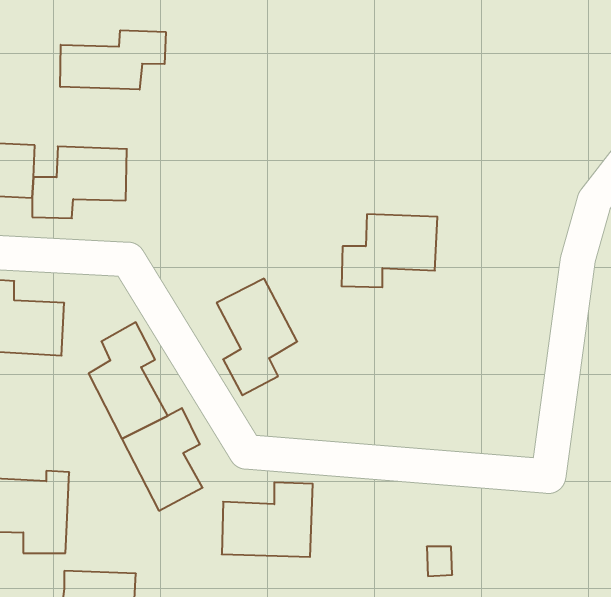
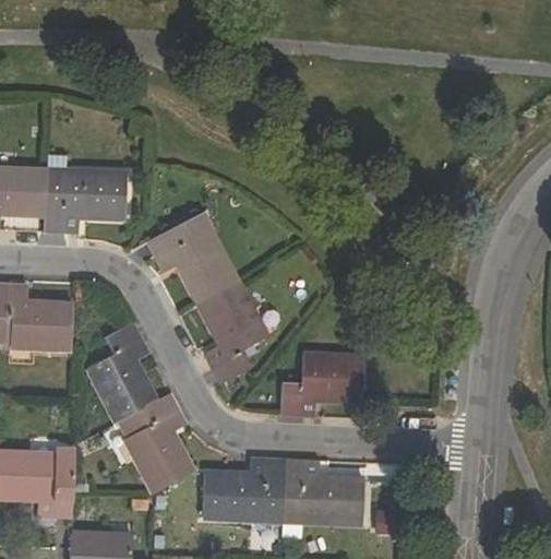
building: [60,30,166,90] -> none
building: none -> [146,213,239,305]
building: [341,214,437,287] -> [278,354,360,416]
building: none -> [278,459,362,523]

